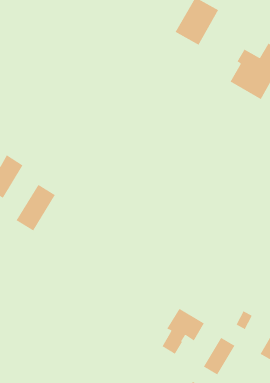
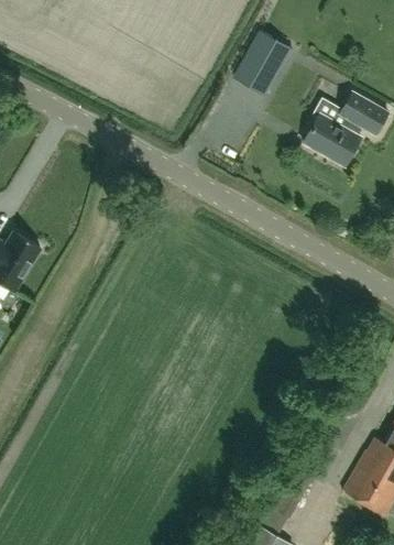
building: [16,184,56,231] -> none
building: [161,308,205,355] -> none

